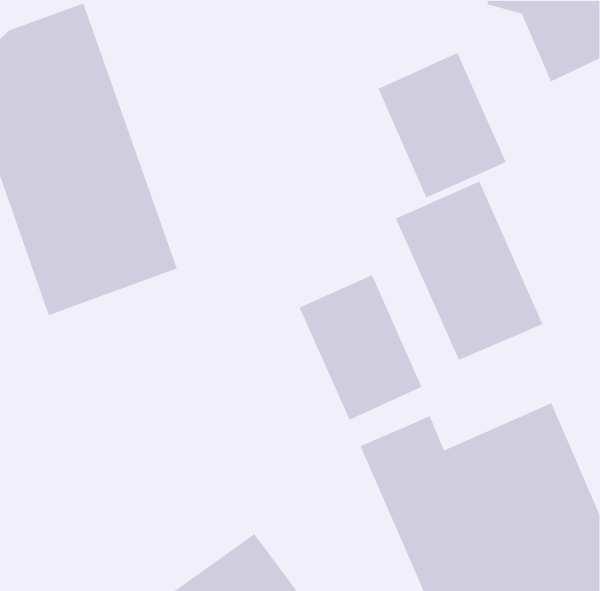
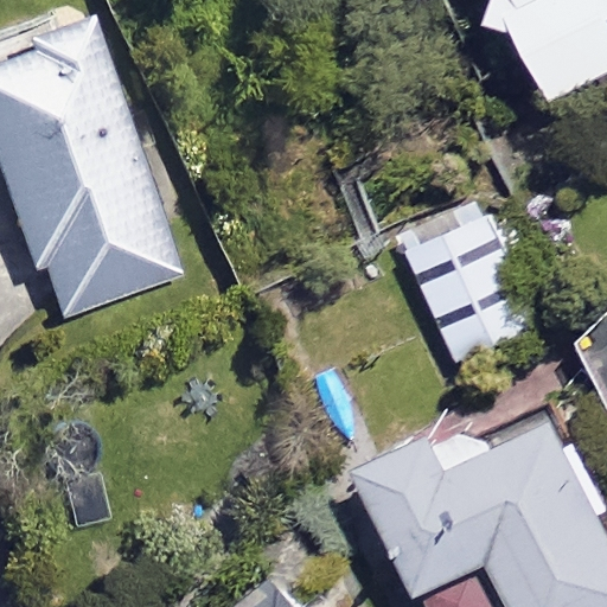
building: [377,52,507,198] -> none
building: [298,274,422,421] -> none

